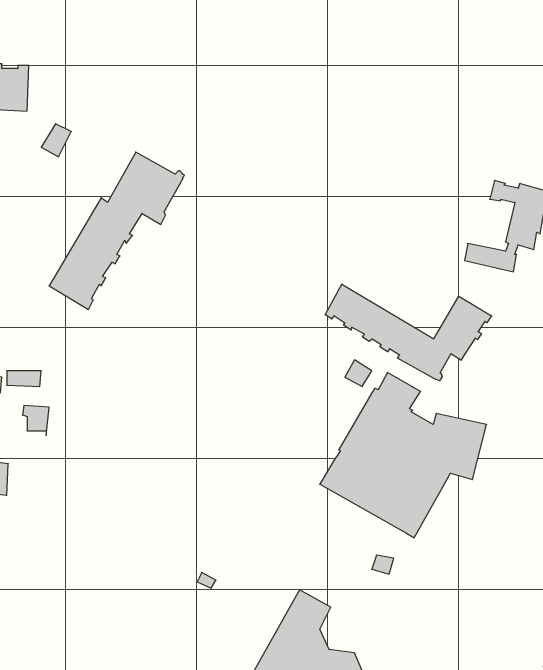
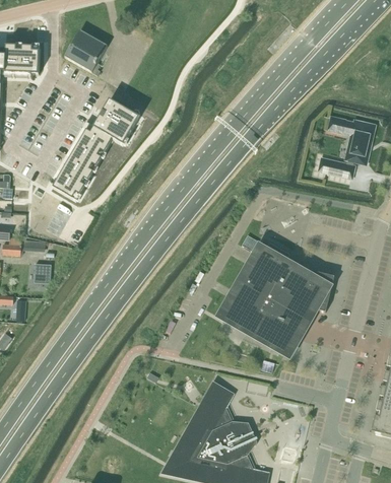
building: none -> [65,30,107,73]
building: [325,284,492,381] -> none

